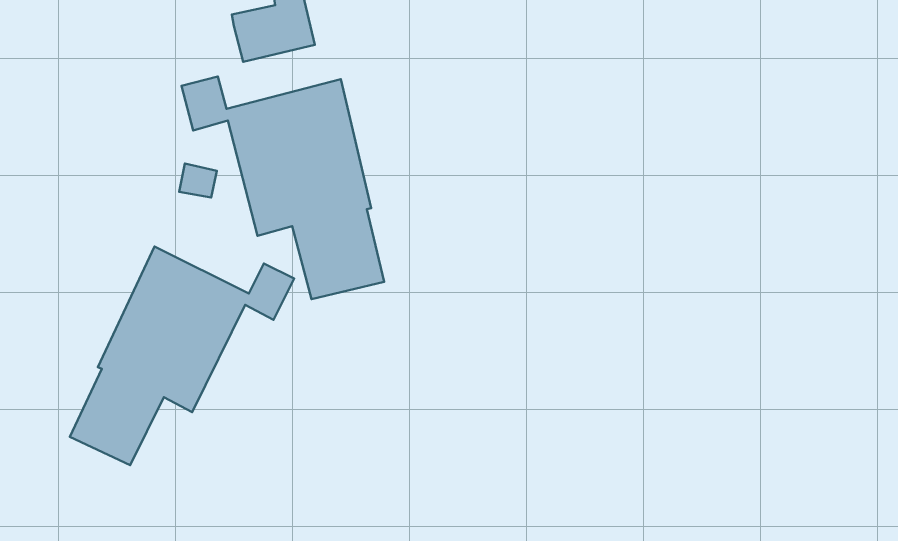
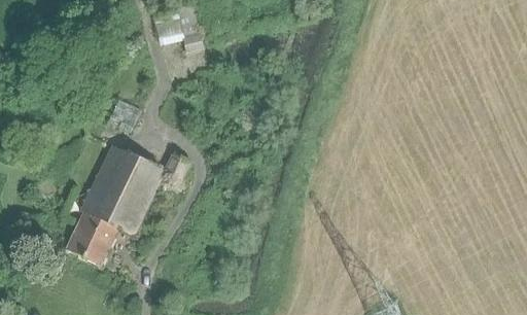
building: [181,76,384,299] -> none

